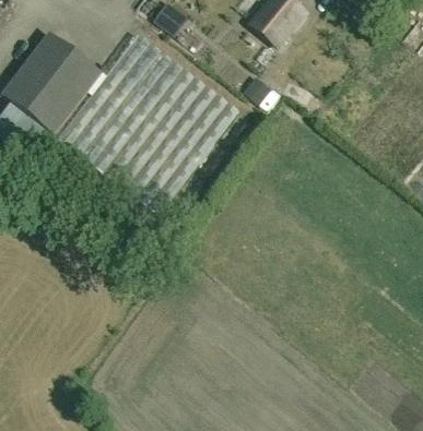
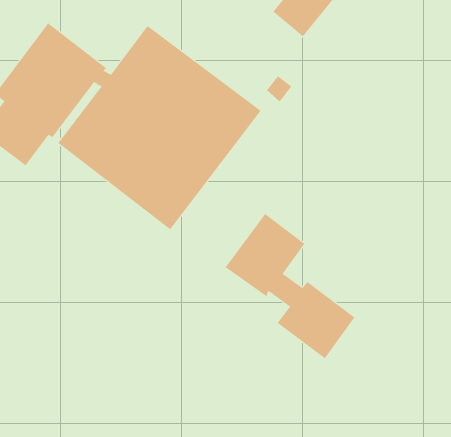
building: none -> [225,213,355,359]

